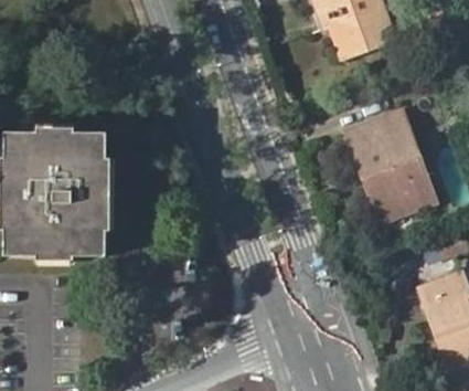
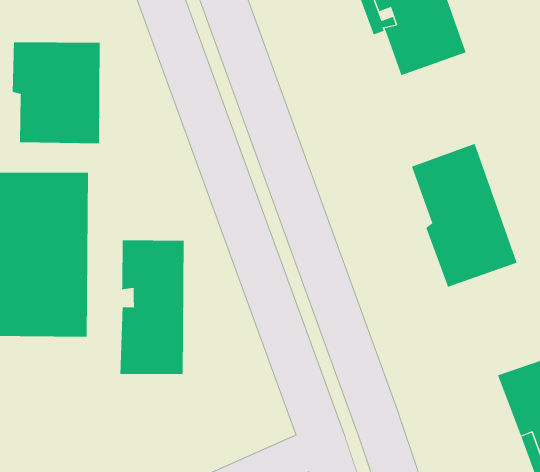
building: none -> [12,41,100,144]
building: none -> [120,239,184,375]

